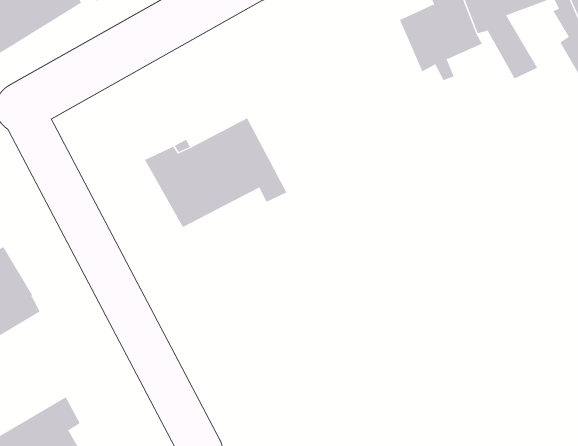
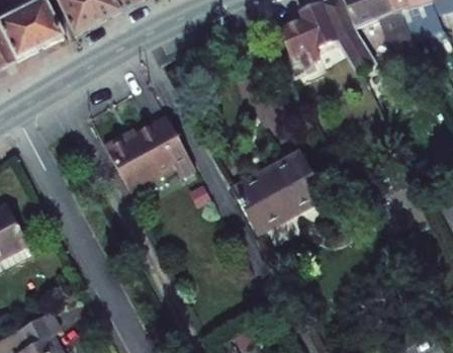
building: none -> [240,149,337,236]

